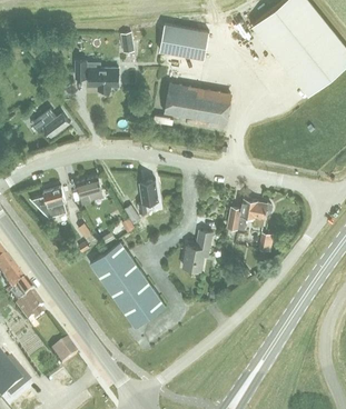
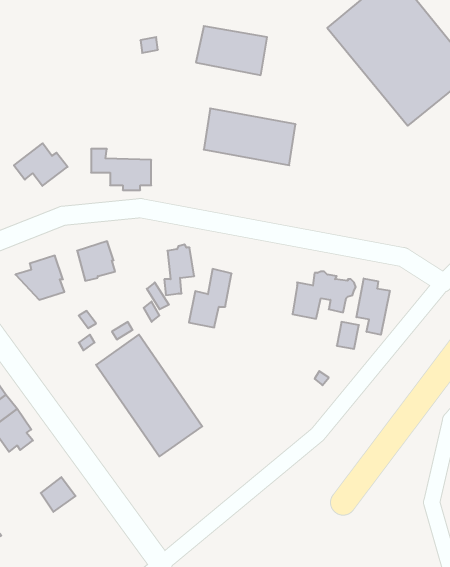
building: [76,61,118,90] -> [91,149,151,190]
building: none -> [356,278,390,335]
building: [182,230,212,271] -> [189,269,232,327]

